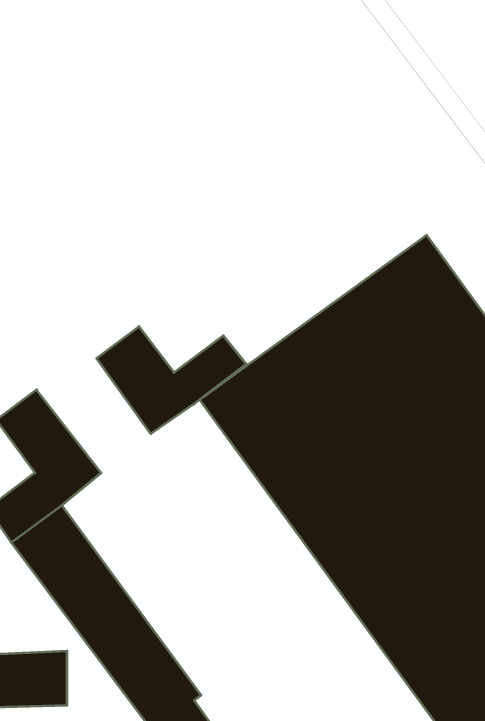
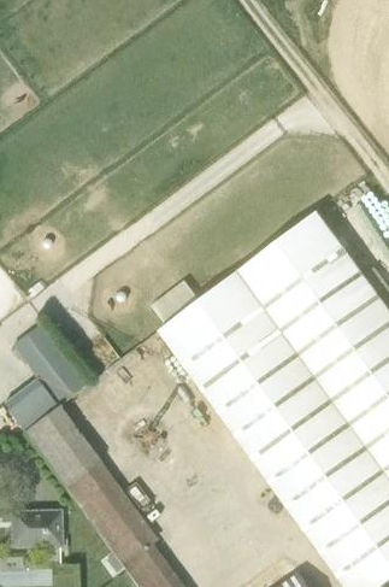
building: [97,326,246,434] -> none

